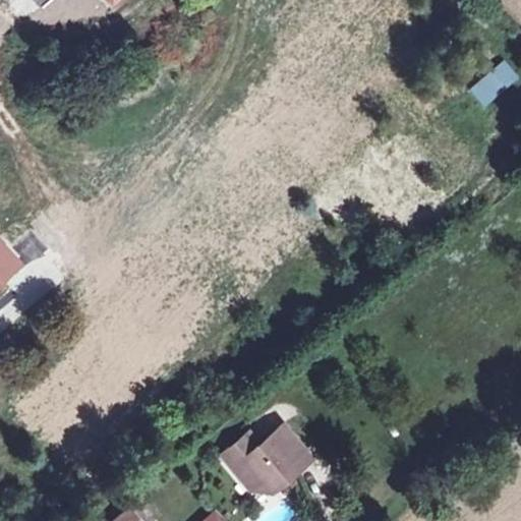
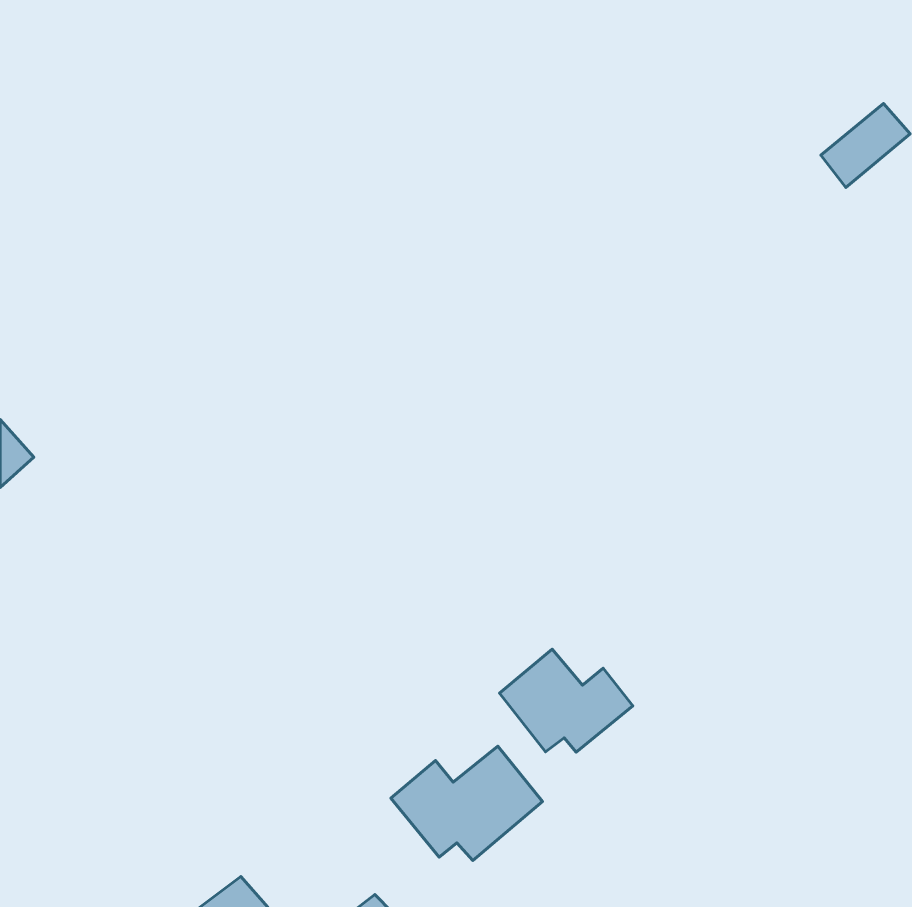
building: none -> [499,649,633,752]

